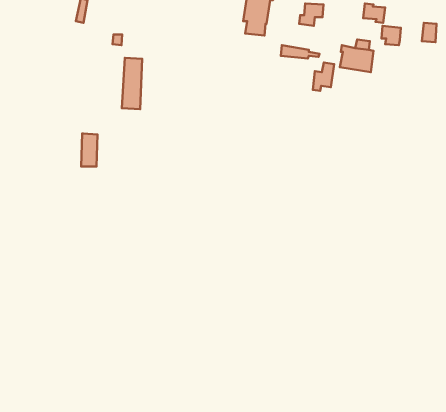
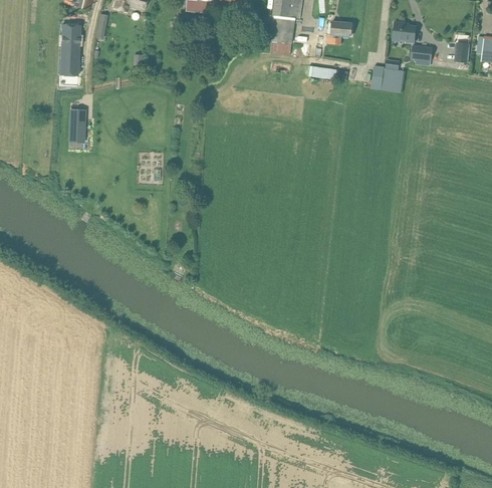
building: [122,58,142,109] -> [59,22,80,75]
building: [313,62,334,91] -> none
building: [81,134,98,166] -> [68,107,85,142]

